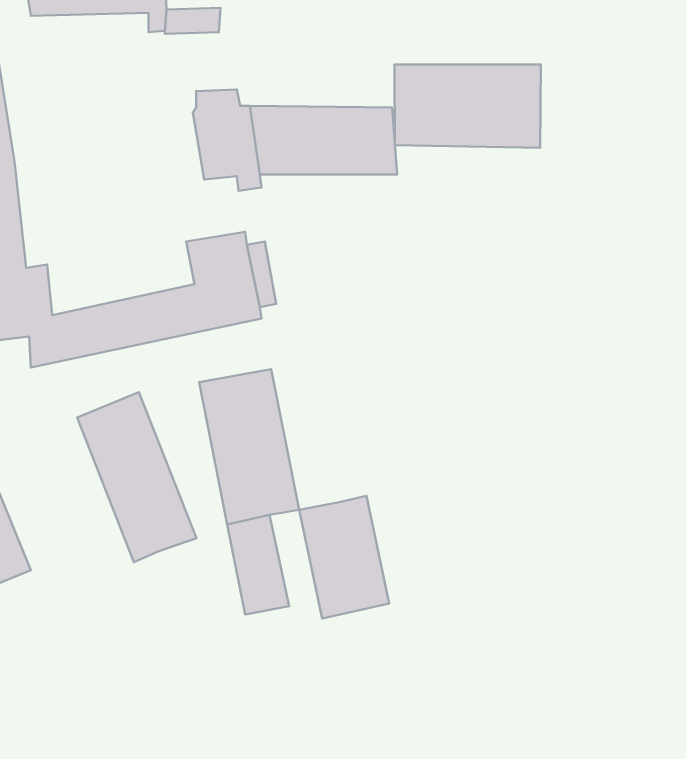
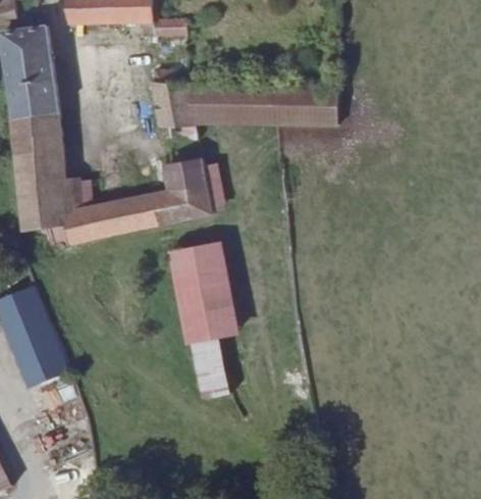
building: [395,64,541,148] -> none
building: [77,392,196,562] -> none
building: [299,496,389,619] -> none

